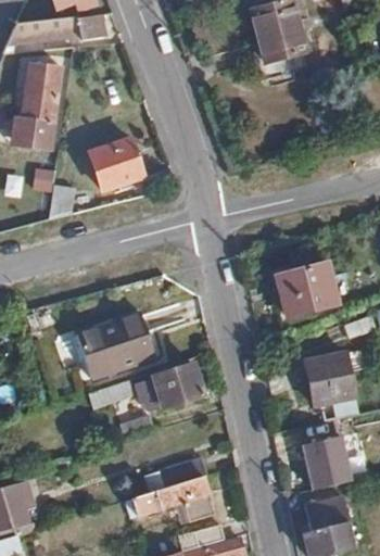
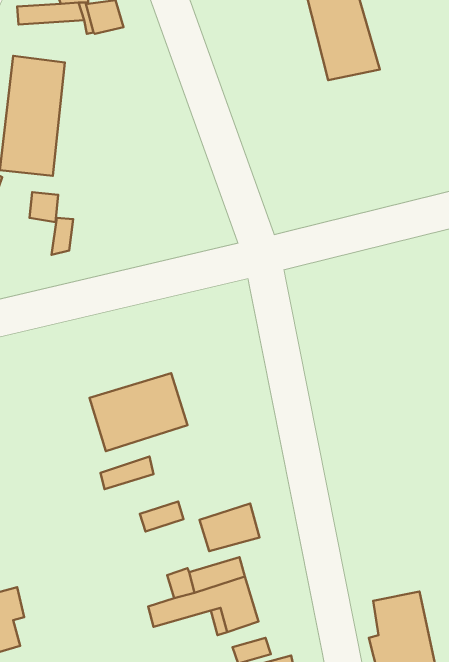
building: [89,139,141,189] -> none
building: [278,262,337,314] -> none
building: [306,355,349,406] -> none
building: [152,364,200,402] -> [200,504,260,551]
building: [306,437,356,490] -> none

